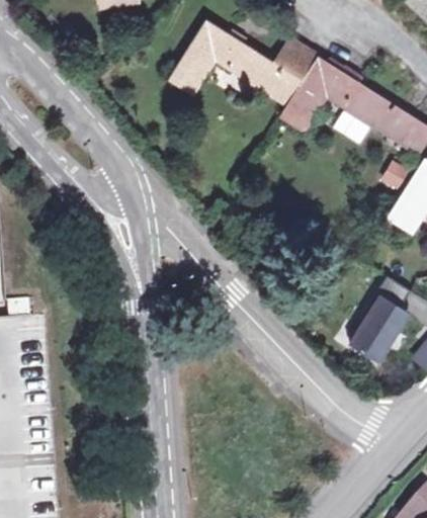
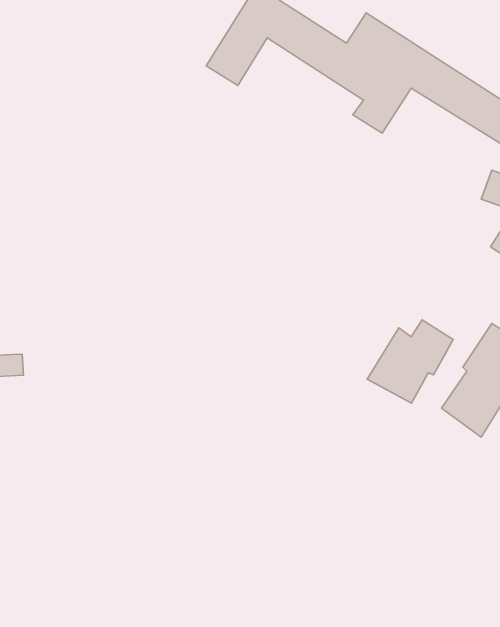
building: none -> [367,320,453,403]

